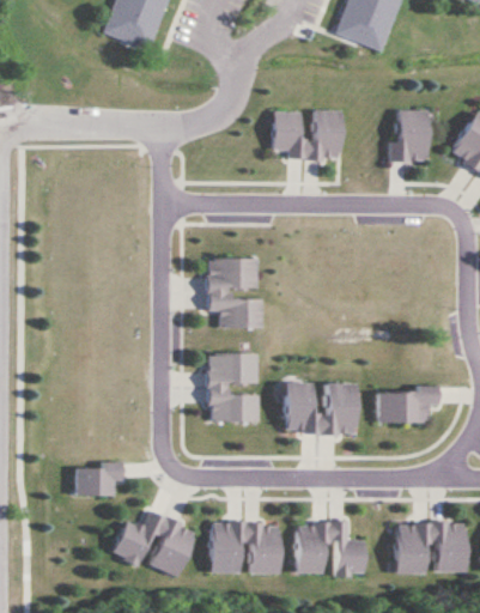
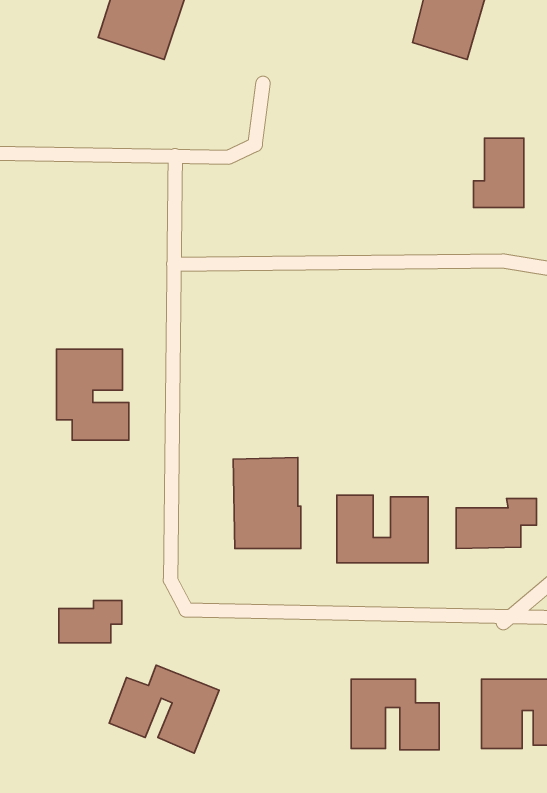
building: [273,109,341,160] -> none
building: [207,259,262,328] -> [57,349,129,440]
building: [211,522,280,575] -> none

